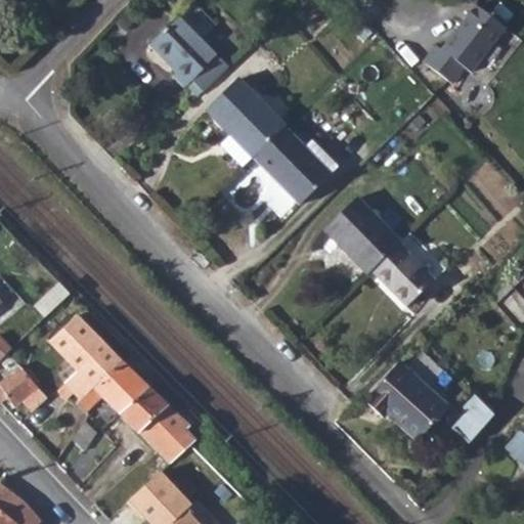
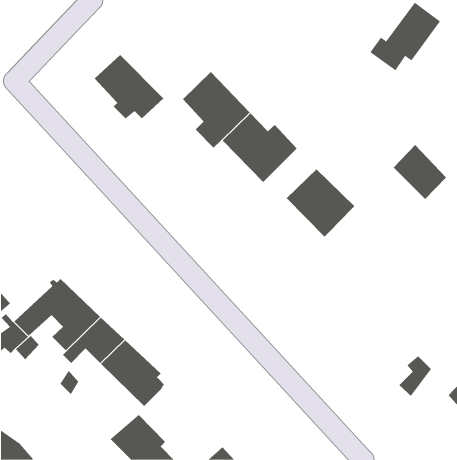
building: [152,17,232,91] -> [94,54,164,119]
building: [379,237,440,301] -> [393,144,447,200]
building: [368,365,453,445] -> none

